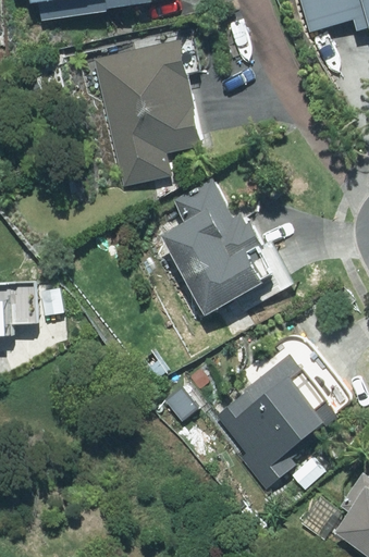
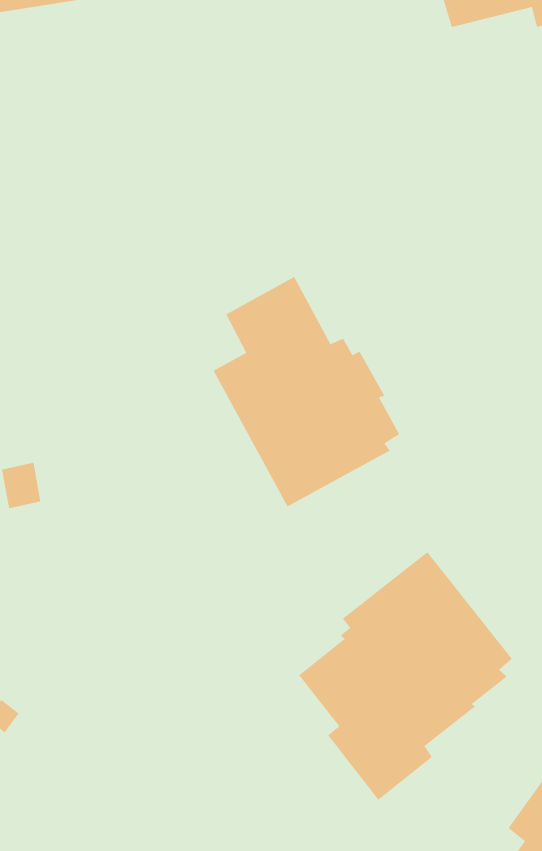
building: [93,39,202,187] -> none

